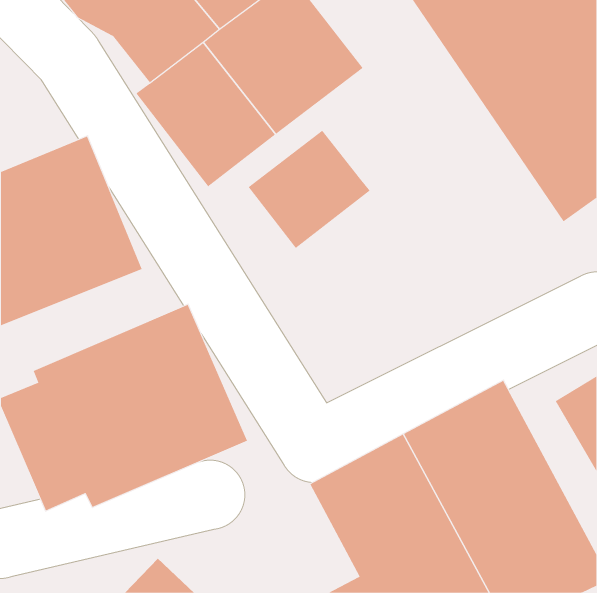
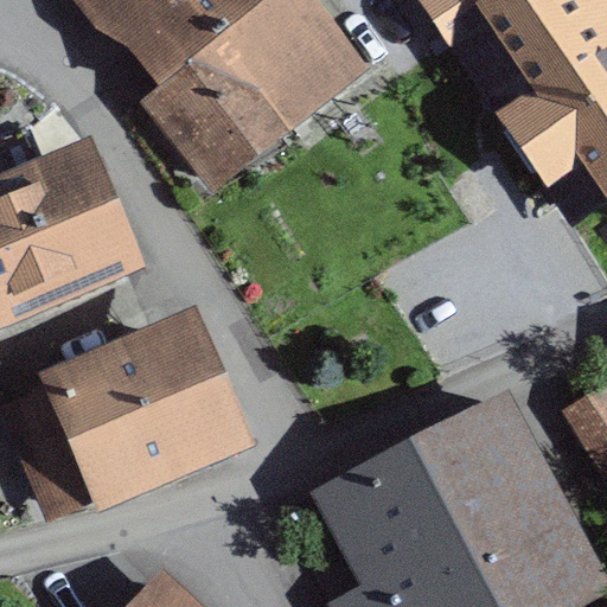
building: [248,130,370,249] -> none

